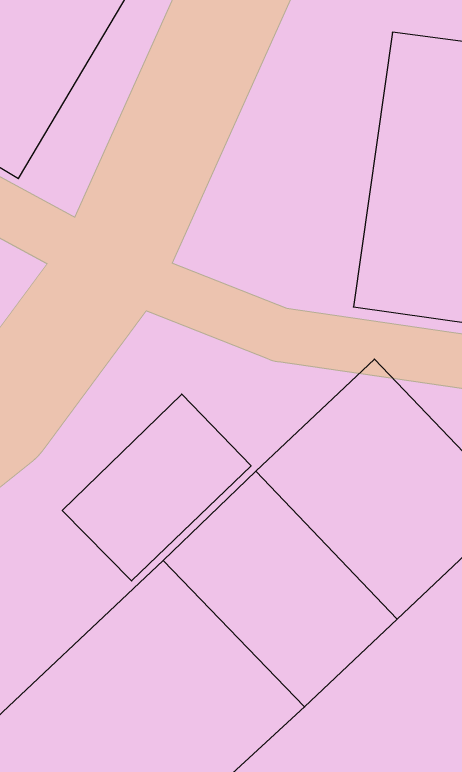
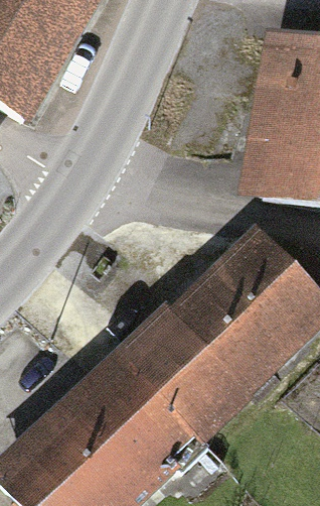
building: [62,394,251,581] -> none

